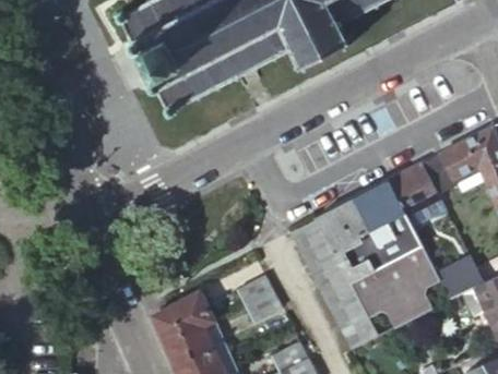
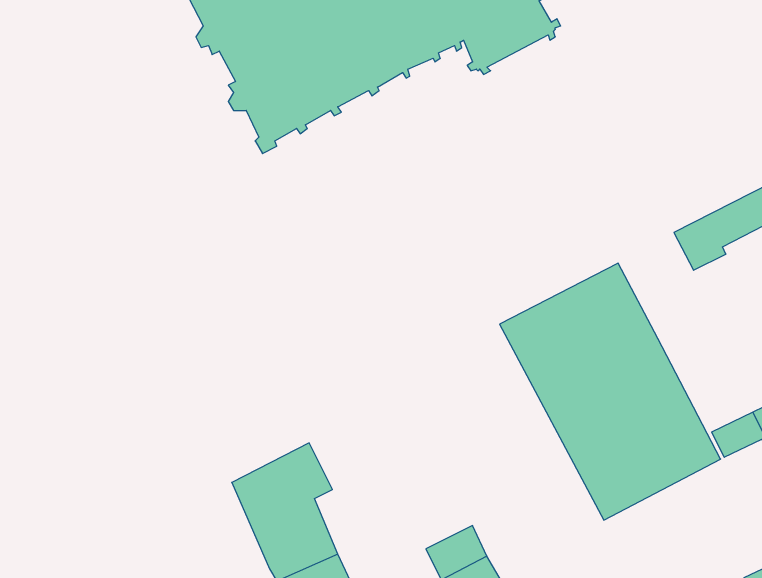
building: [388,162,446,227] -> none
building: [290,219,378,350] -> none
building: [237,275,282,321] -> none

